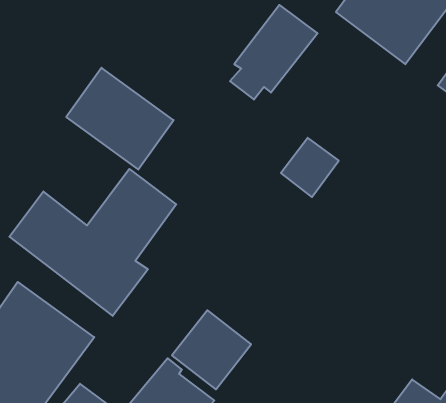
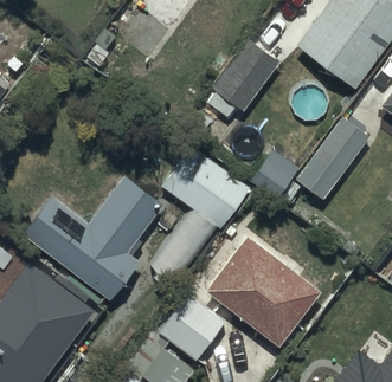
building: [66,68,174,170] -> [161,145,251,231]
building: none -> [295,118,368,200]
building: none -> [206,234,322,348]

